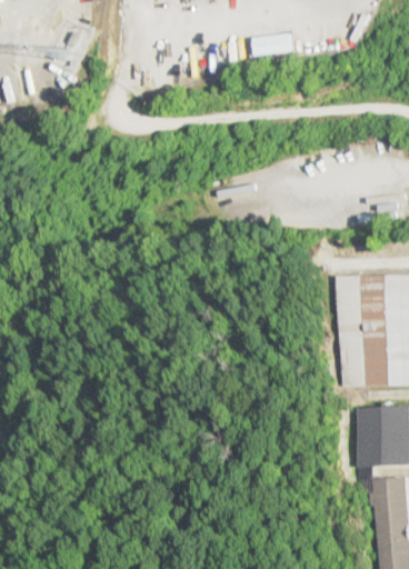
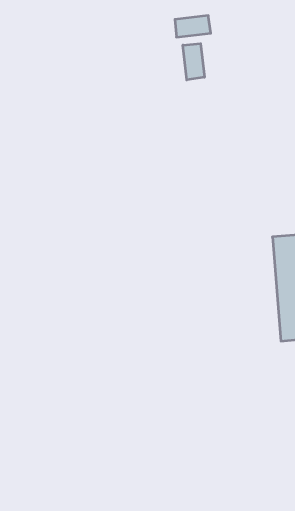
building: none -> [183,44,204,80]

